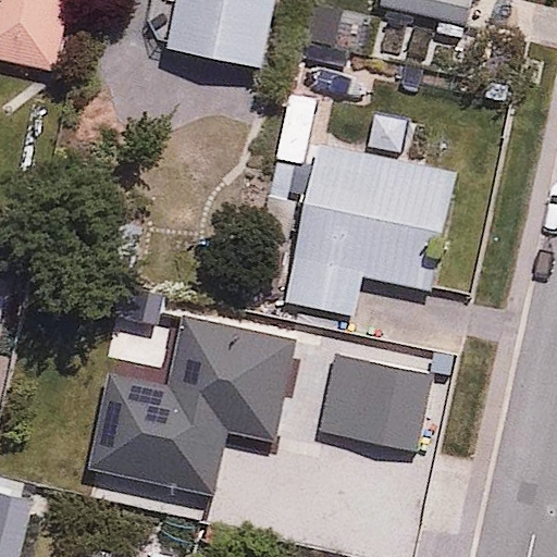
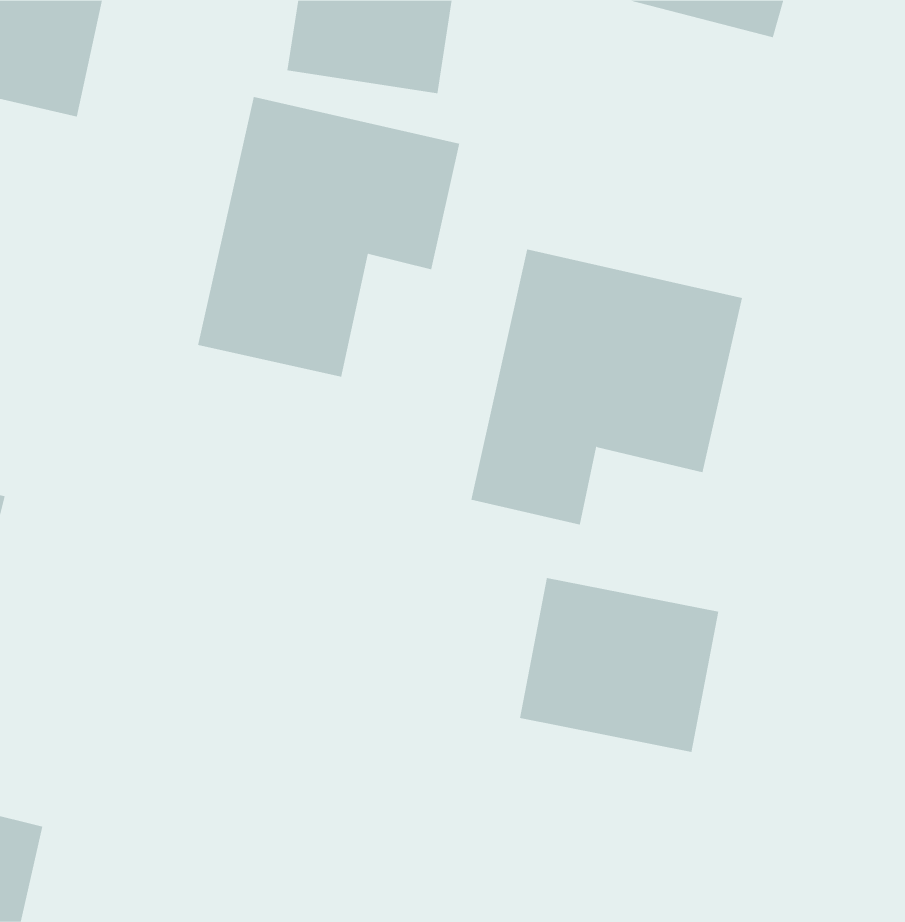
building: none -> [197,96,460,378]
building: [86,314,290,496] -> none

